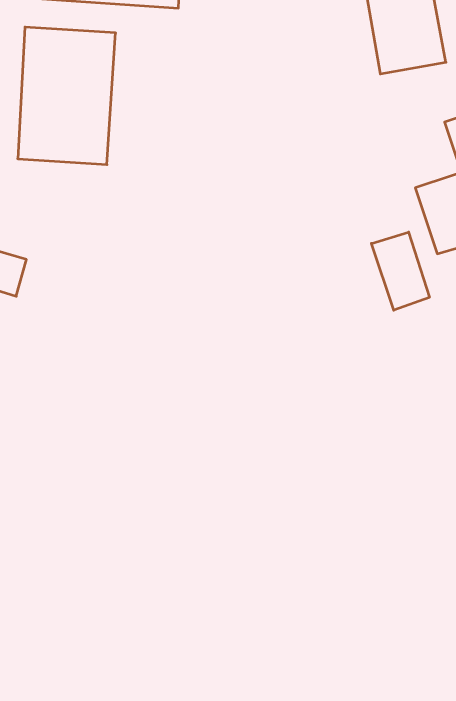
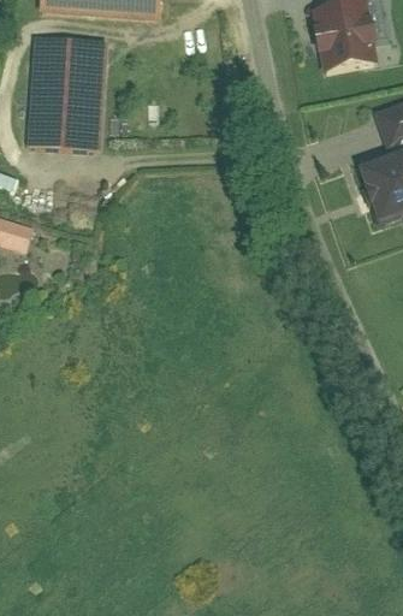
building: [371,232,429,310] -> none

